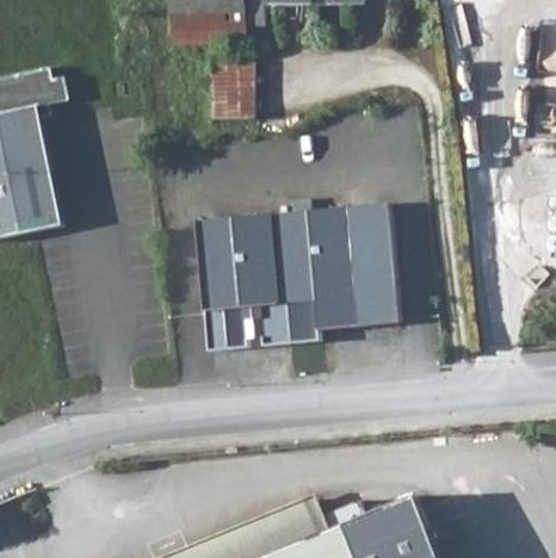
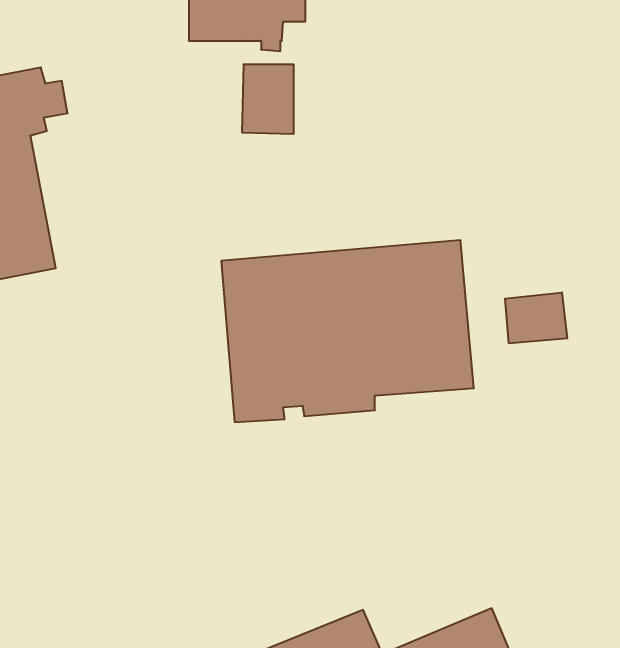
building: none -> [505,292,567,343]

